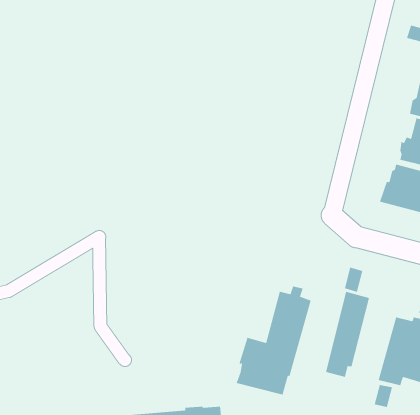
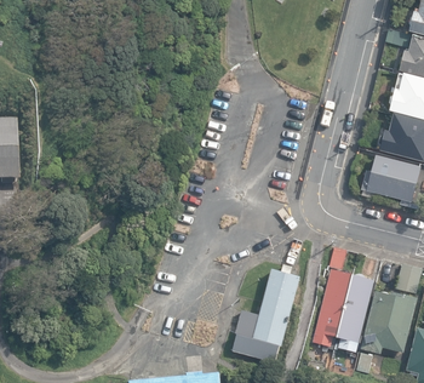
building: none -> [337,274,374,351]

